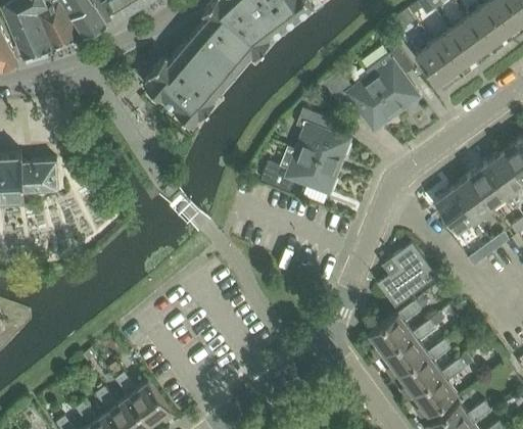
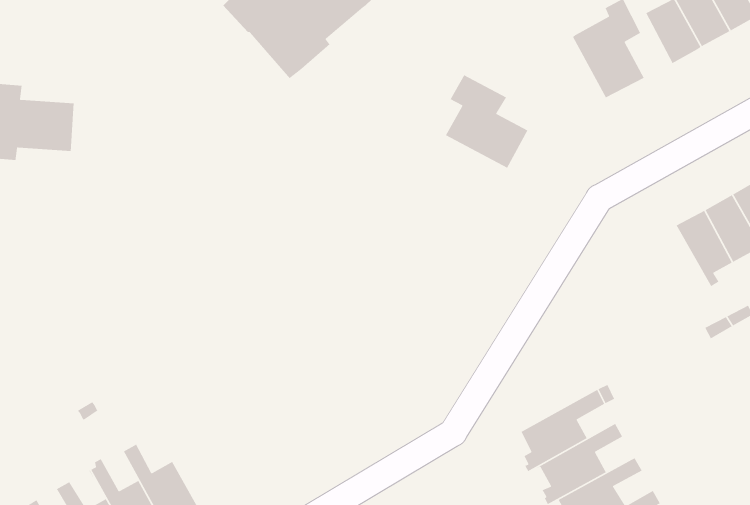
building: [324,72,396,131] -> none
building: [260,150,339,194] -> none
building: [434,189,479,233] -> none
building: [378,244,436,306] -> none

